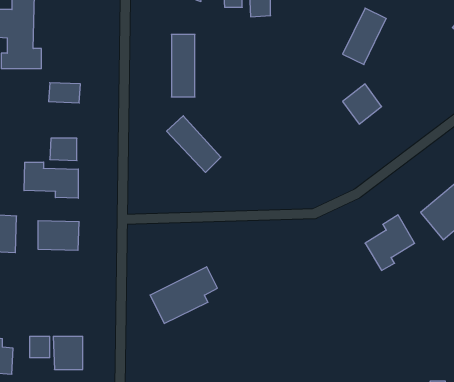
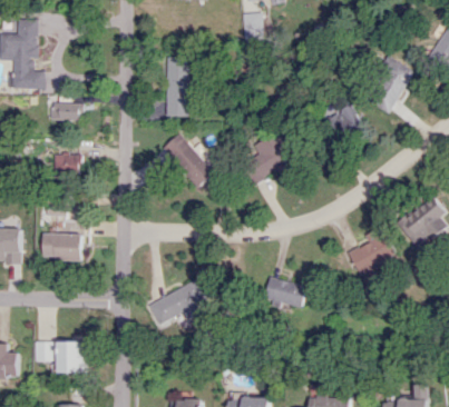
building: [343,8,386,65] -> [372,60,413,113]
building: none -> [247,129,297,183]
building: [24,162,78,198] -> none
building: none -> [264,275,309,309]

